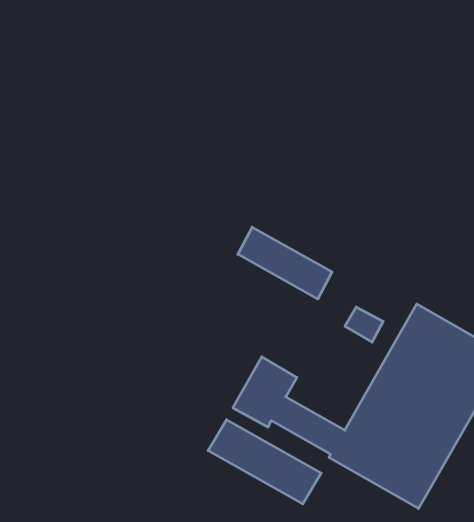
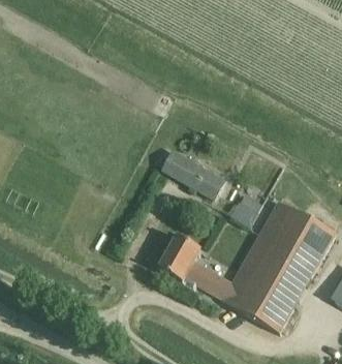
building: [208,420,321,504] -> none

